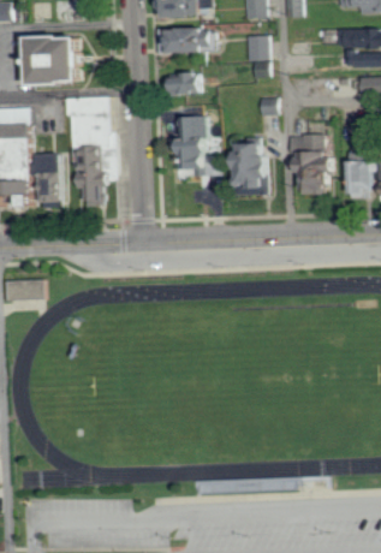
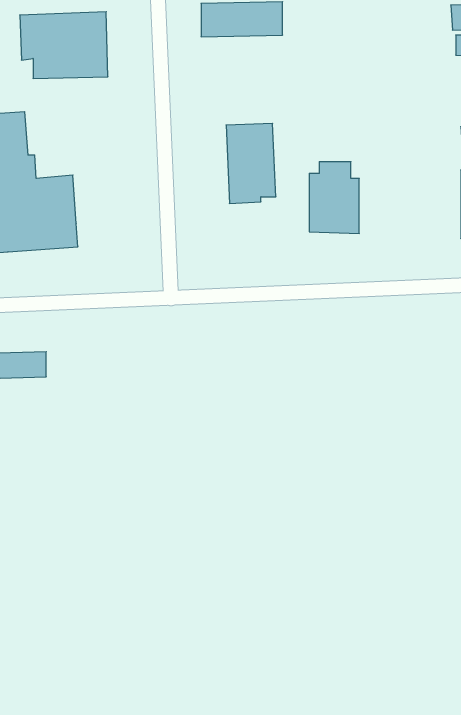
building: [242,36,266,61] -> none
building: [167,73,202,93] -> none
building: [65,96,113,207] -> none
building: [285,133,328,194] -> none

